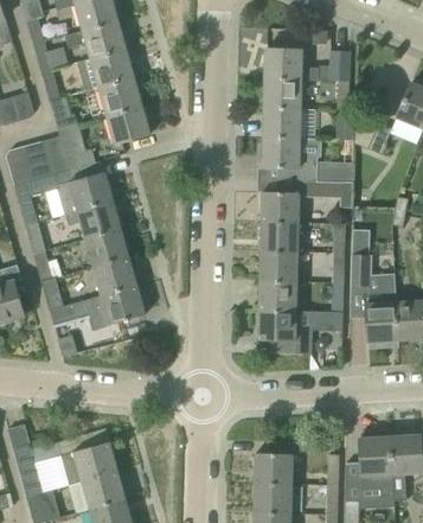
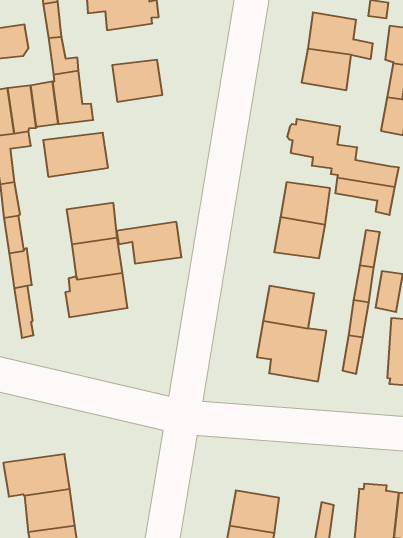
building: [96,76,141,115] -> none
building: [263,108,301,140] -> none
building: [64,200,121,240] -> [116,222,182,264]
building: [259,251,297,281] -> none

